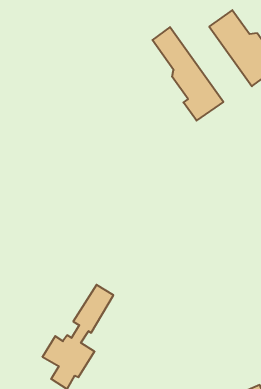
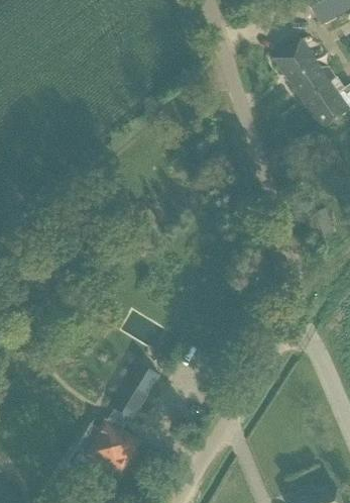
building: [152,27,223,121] -> none

